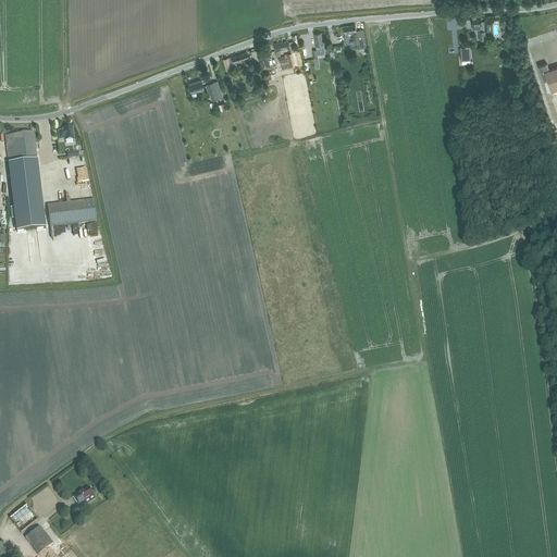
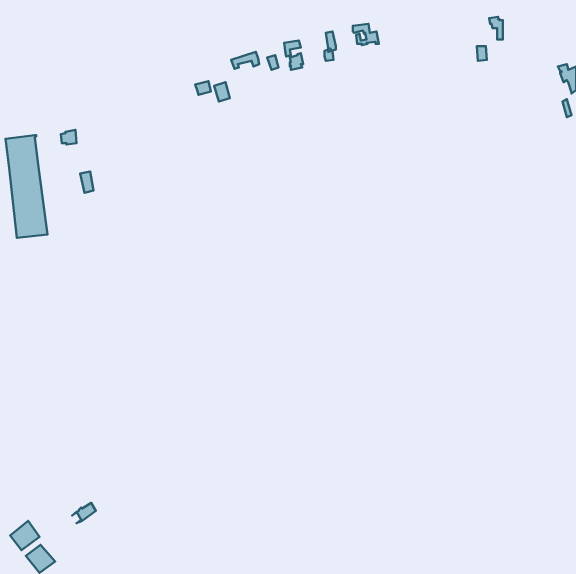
building: [48,198,97,226] -> none

